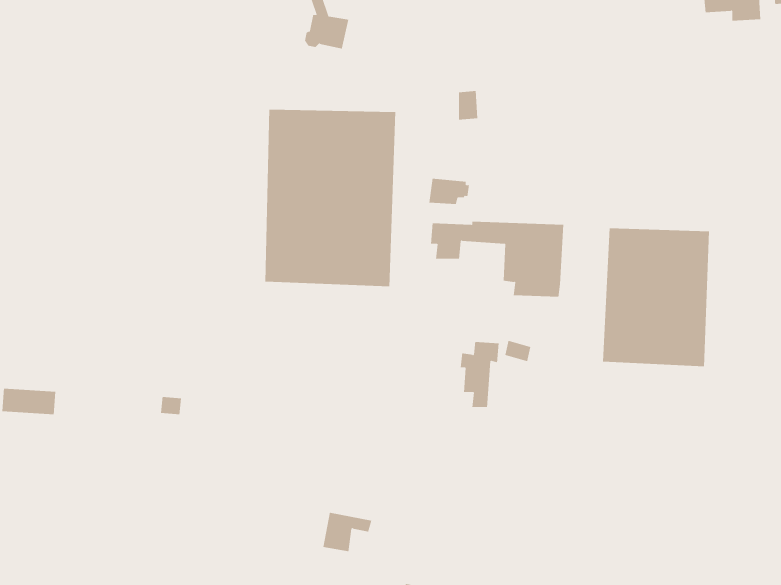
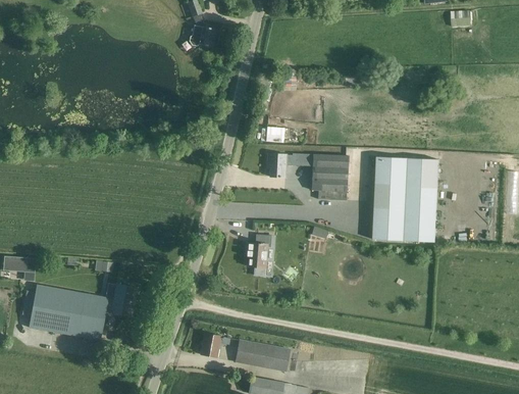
building: [265,109,396,287] -> none
building: [460,341,499,408] -> [247,234,271,275]
building: none -> [28,283,137,340]
building: none -> [235,338,290,371]

